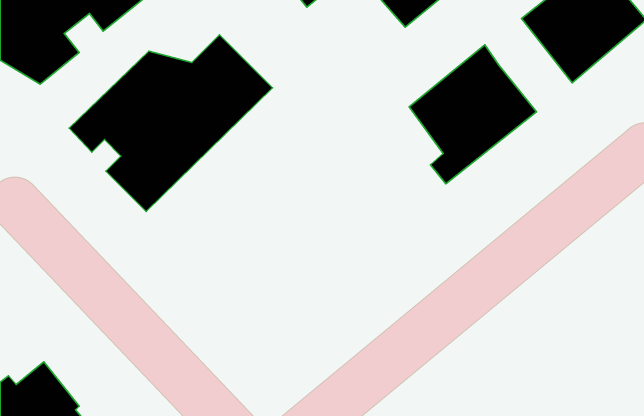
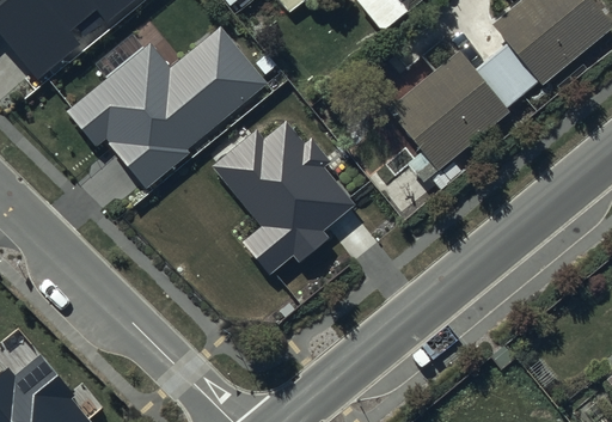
building: none -> [473,37,543,109]
building: none -> [212,126,349,275]

